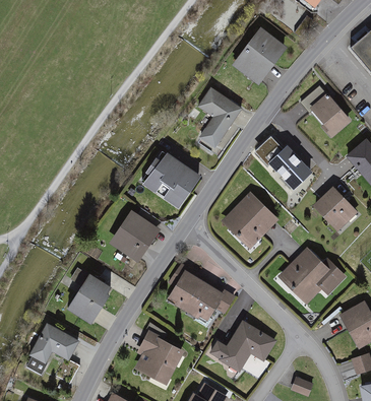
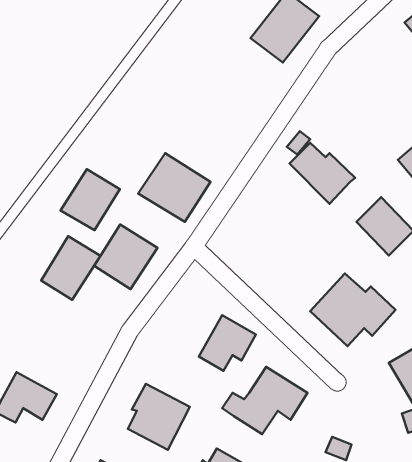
building: [197,85,240,145] -> none
building: [301,87,353,139] -> none
building: none -> [60,169,120,230]
building: [223,194,277,249] -> none
building: [168,264,208,312] -> none
building: [65,272,112,322] -> [41,236,101,300]

